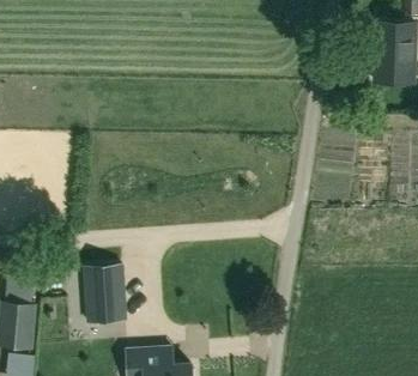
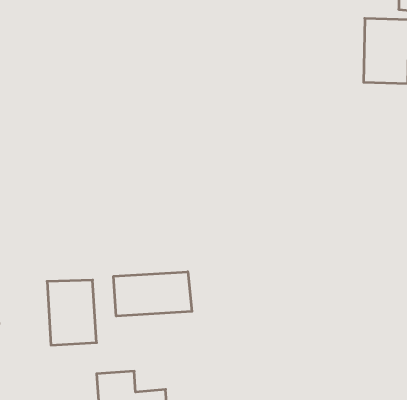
building: none -> [114,272,192,316]

